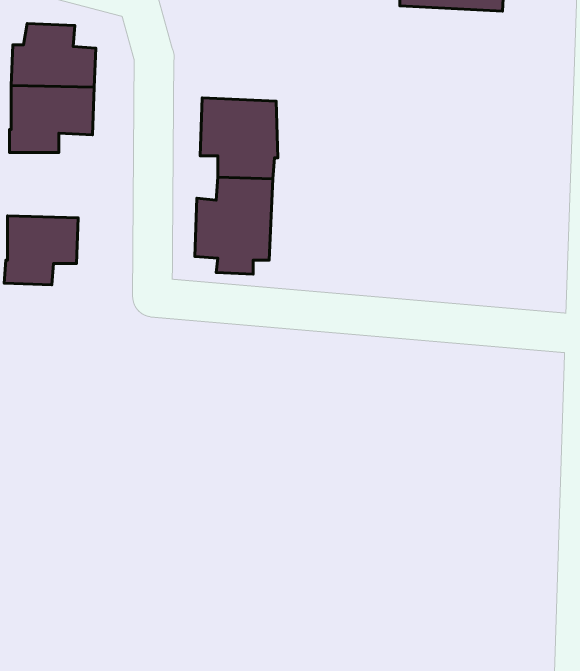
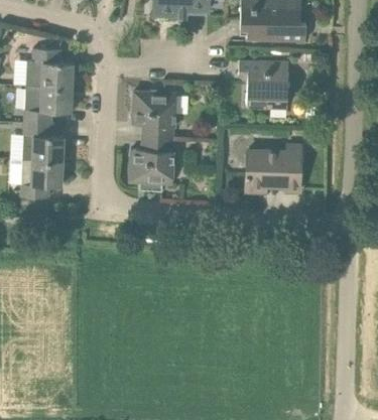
building: none -> [238,61,287,107]
building: none -> [22,123,64,160]
building: none -> [245,146,300,192]

